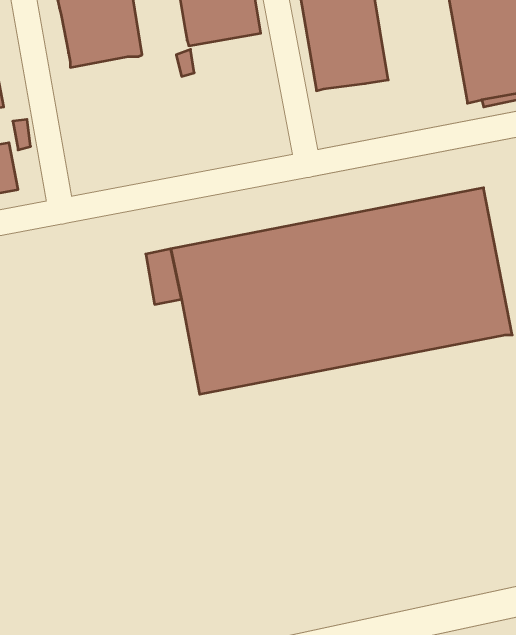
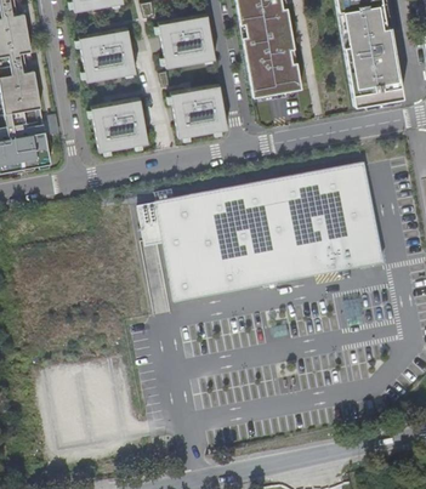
building: none -> [170,83,227,137]
building: none -> [91,97,148,152]

